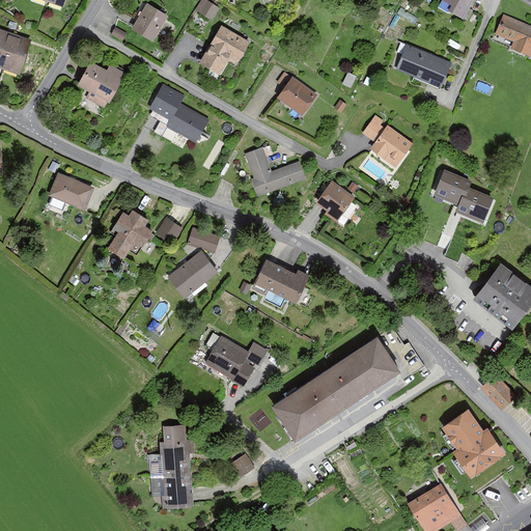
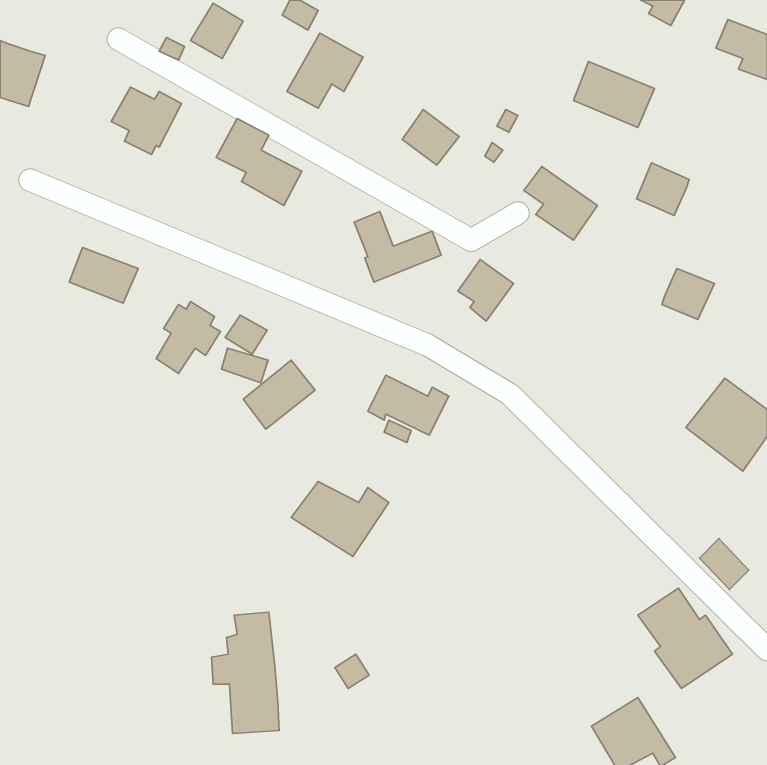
building: [434,169,470,205] -> [637,163,689,215]
building: [188,228,220,252] -> [222,348,268,383]
building: [271,335,400,441] -> none

